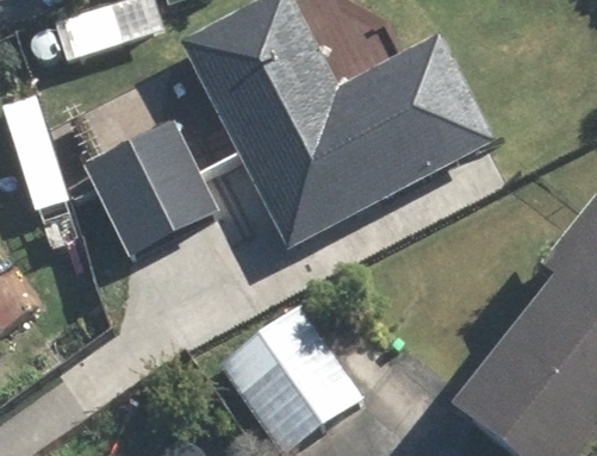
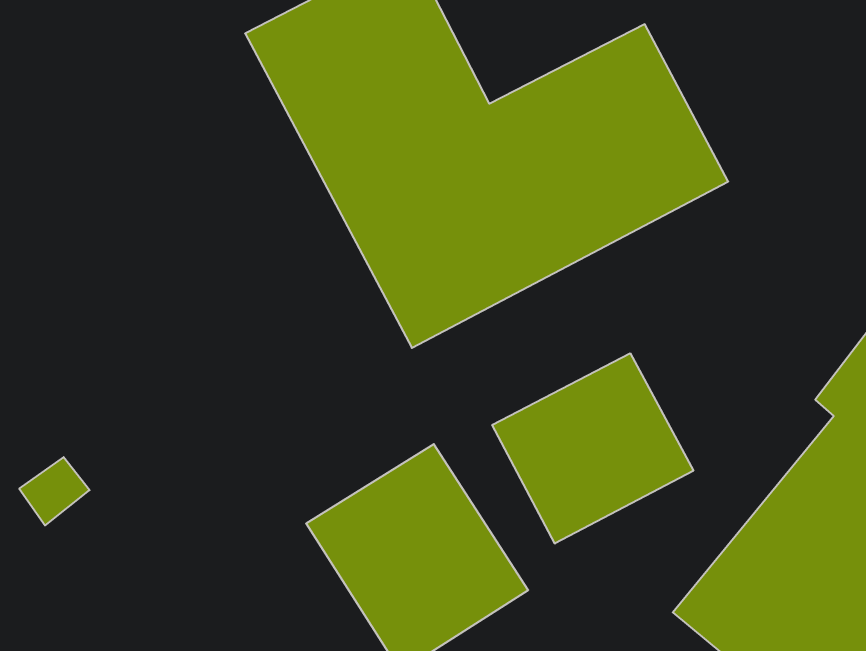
building: [81,115,218,255] -> none
building: none -> [492,353,693,544]

